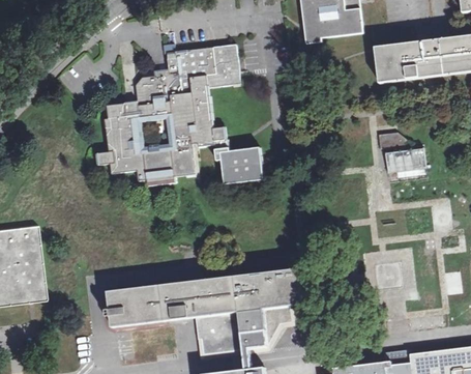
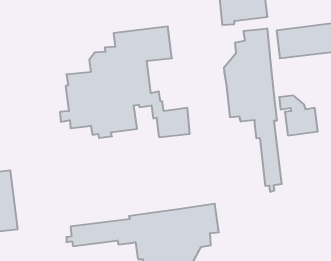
building: none -> [224,28,282,192]

